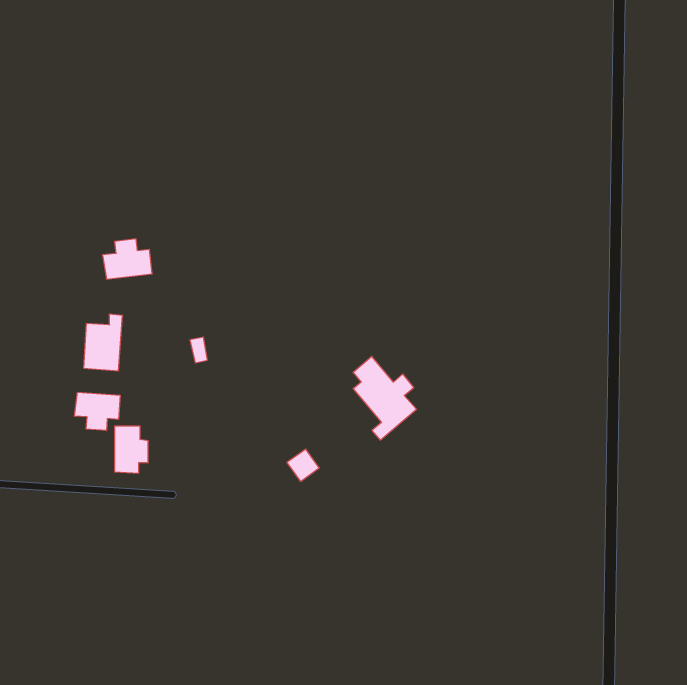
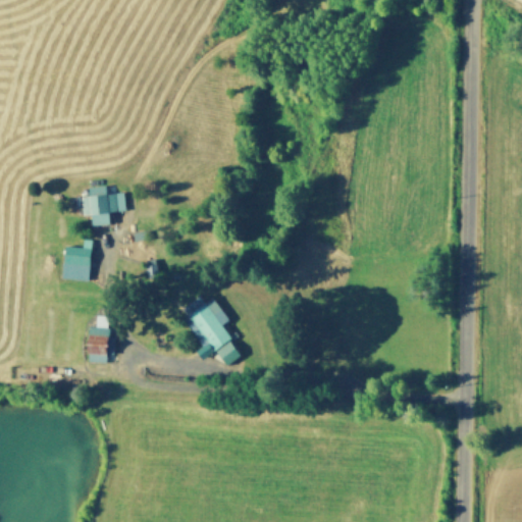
building: [353,356,416,440] -> [182,295,230,358]
building: [75,392,120,431] -> none

